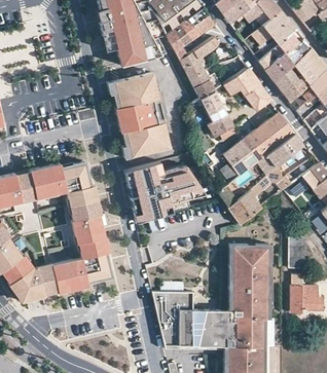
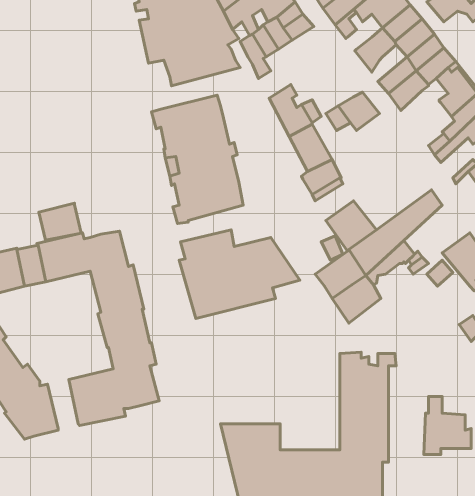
building: [179,37,221,73] -> none
building: [275,68,308,102] -> none
building: [245,83,271,110] -> none
building: [243,113,295,161] -> none
building: none -> [39,203,81,240]
building: [288,236,305,267] -> none
building: [37,261,58,295] -> none

